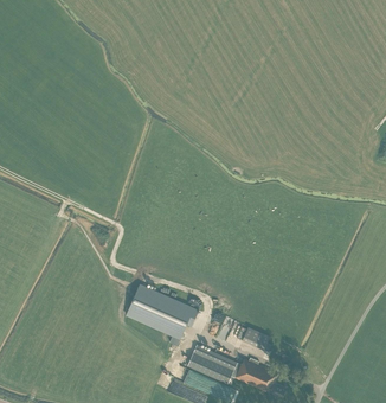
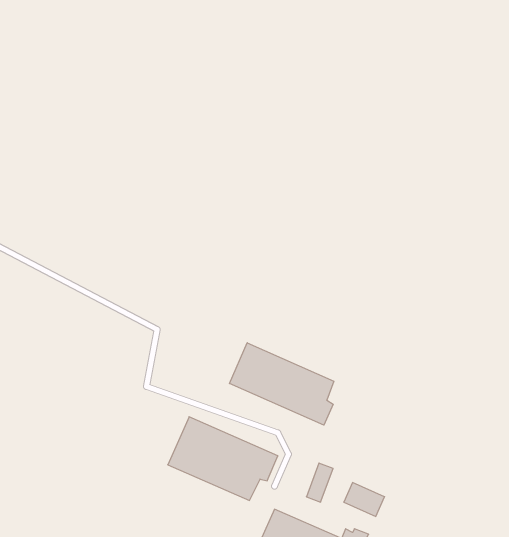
building: none -> [230,343,334,425]

